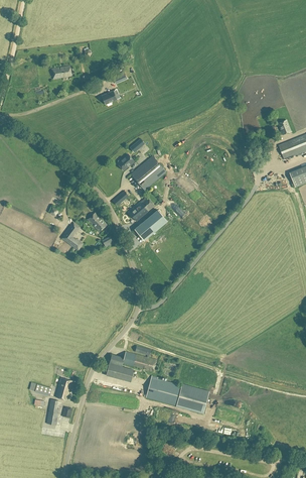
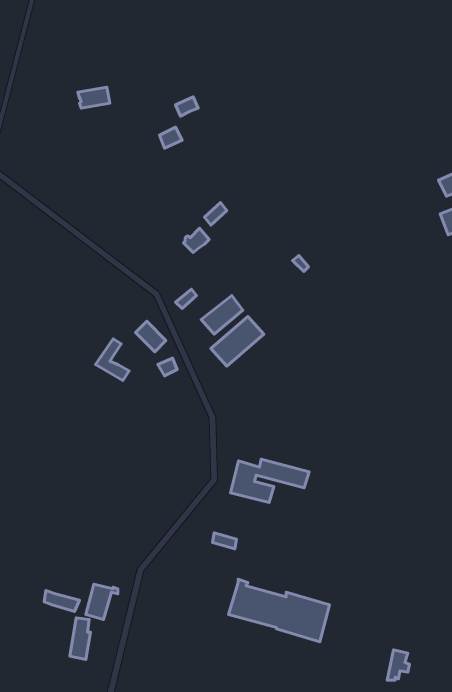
building: [130,156,165,191] -> none
building: [106,353,155,380] -> [231,459,309,502]

